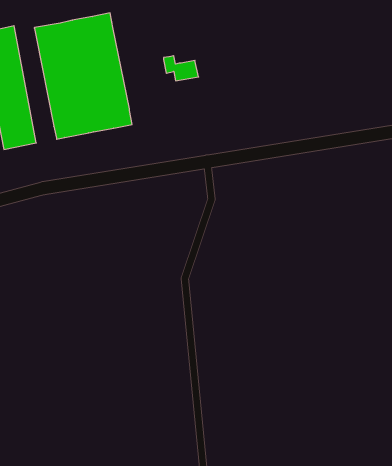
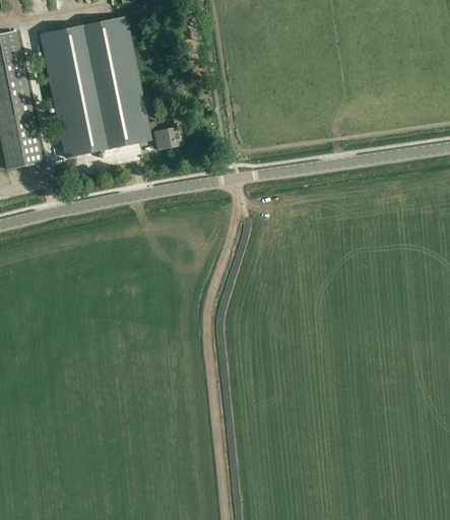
building: [164,56,199,81] -> [144,121,183,148]

